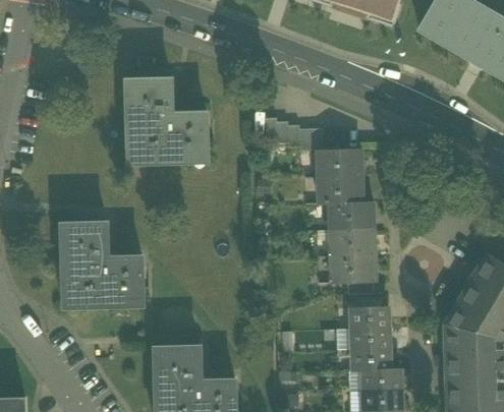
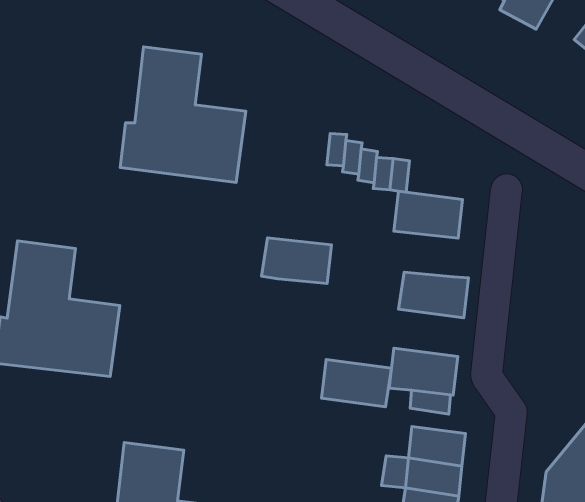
building: [318,175,362,203] -> [261,238,332,283]
building: [329,228,374,255] -> [322,360,392,407]

